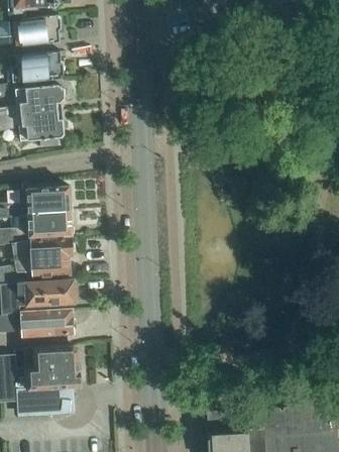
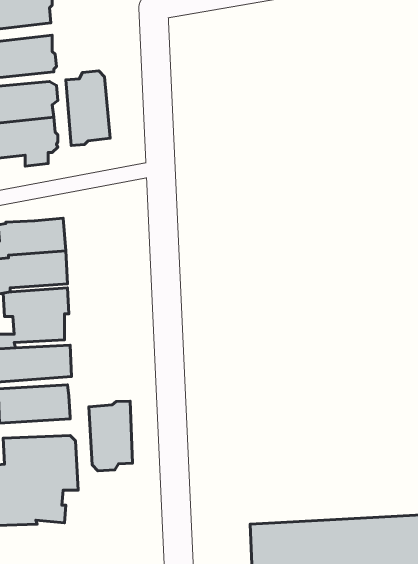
building: none -> [66,71,110,146]
building: none -> [89,401,133,471]

